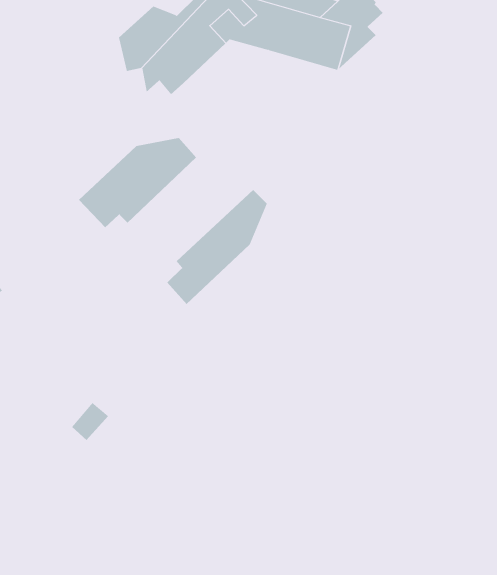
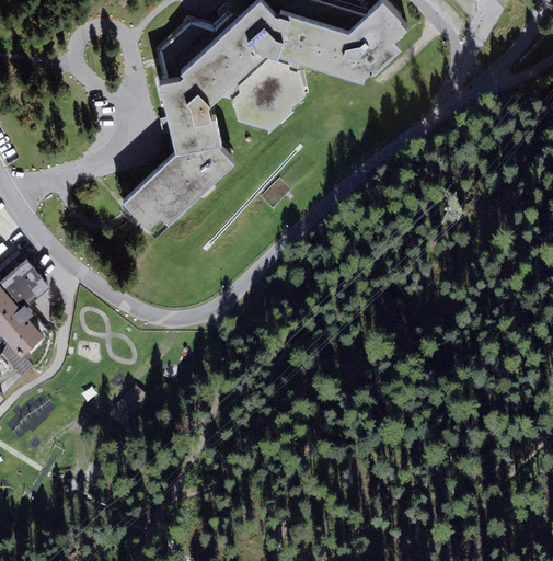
building: none -> [221,55,309,129]
building: none -> [160,81,221,153]
building: [166,189,268,305] -> none

